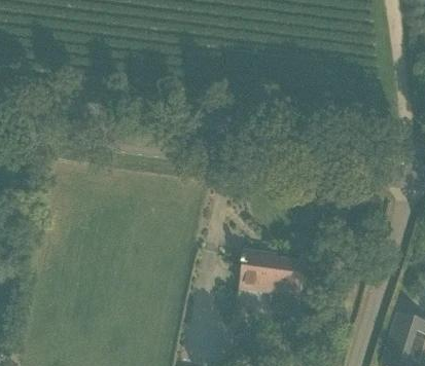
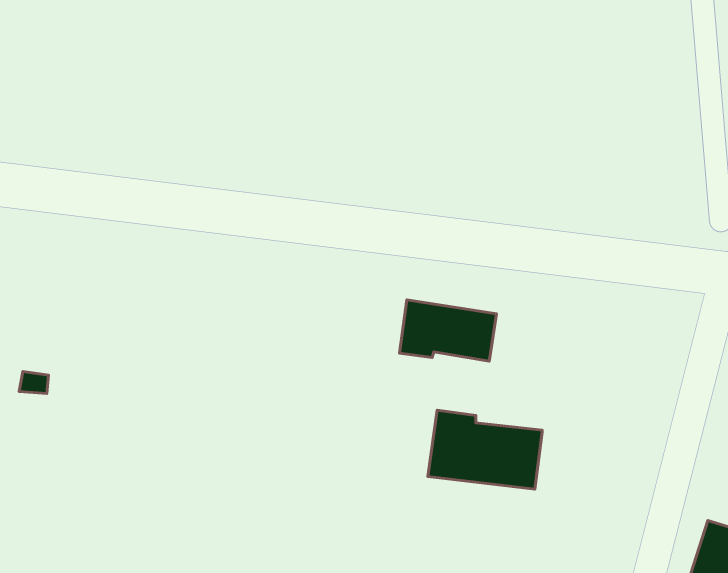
building: none -> [400,300,496,361]

